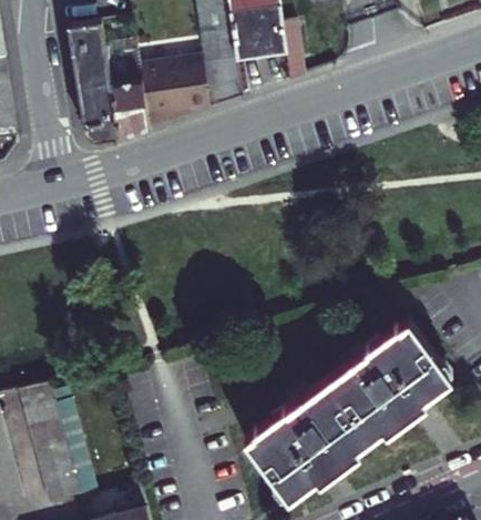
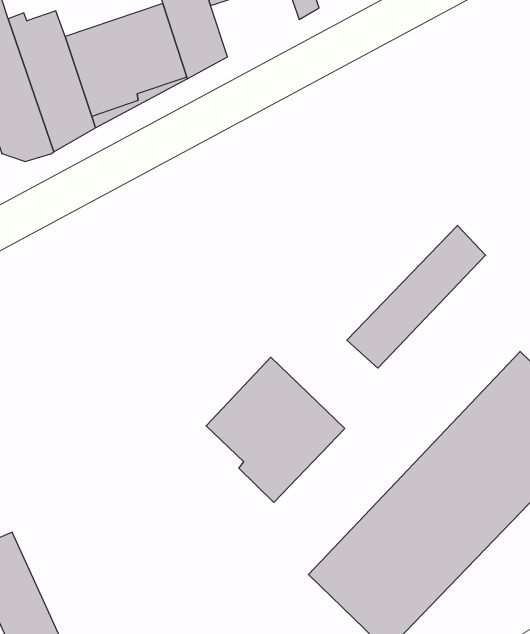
building: none -> [347,225,486,368]
building: none -> [206,357,345,502]

